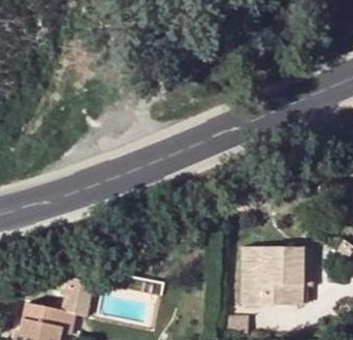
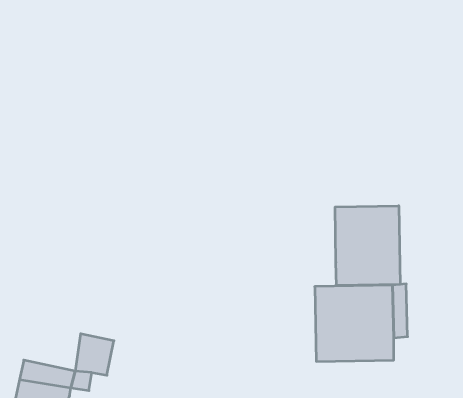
building: none -> [335,206,400,286]

